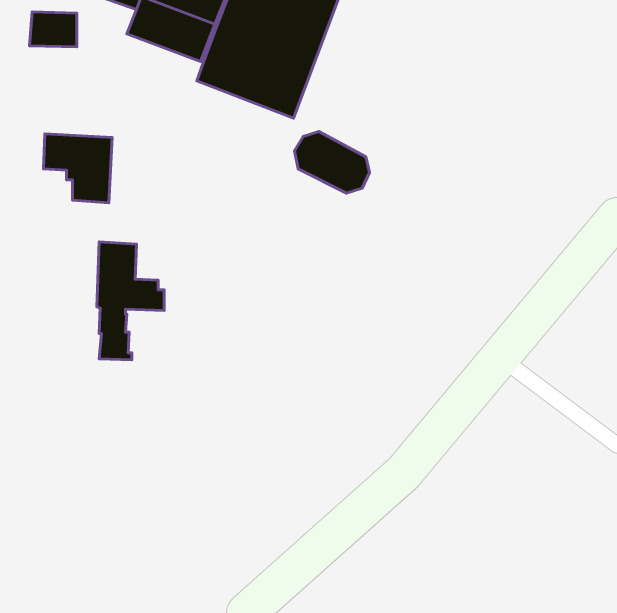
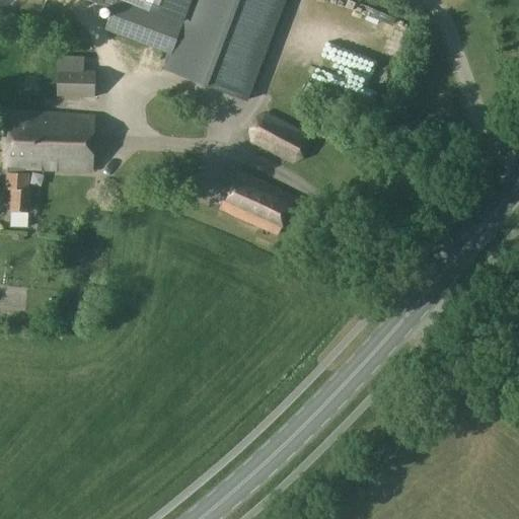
building: [30,12,77,47] -> [57,67,96,96]
building: none -> [219,167,297,233]
building: [97,242,164,360] -> [4,110,61,210]

